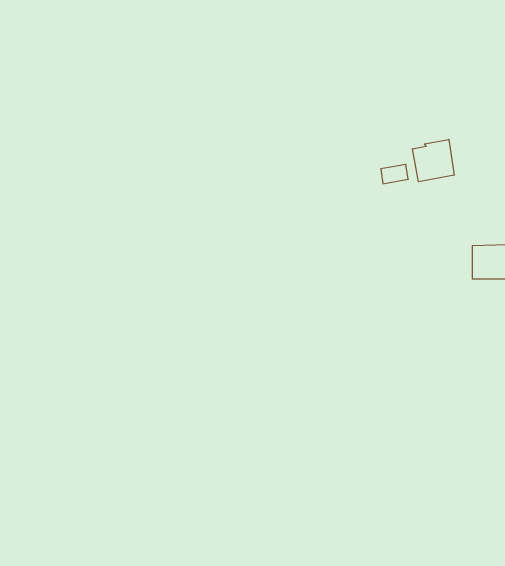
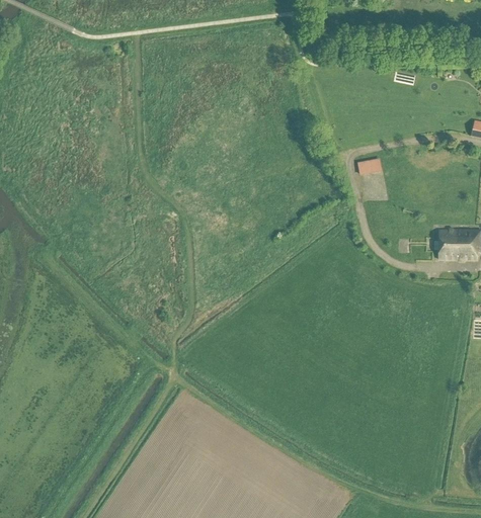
building: [413,139,454,182] -> none

